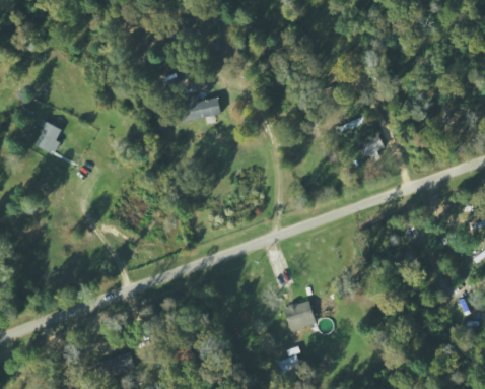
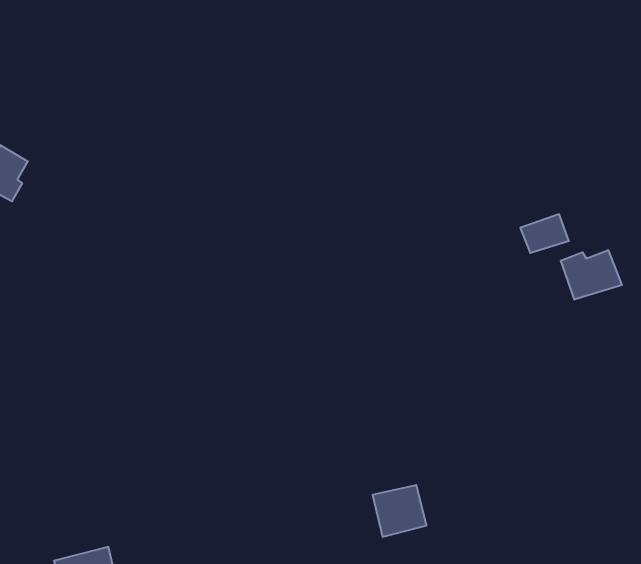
building: [190,98,220,120] -> none
building: none -> [561,250,622,300]

